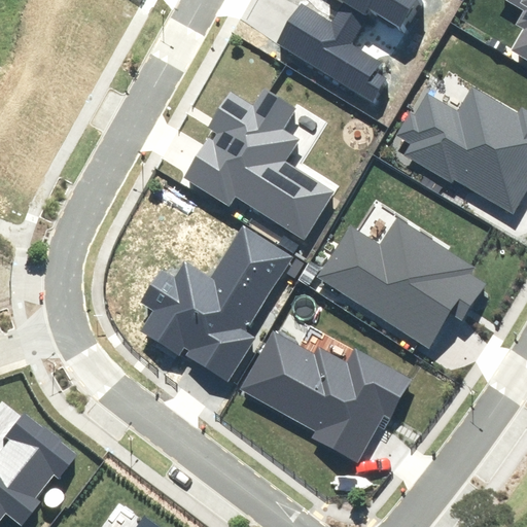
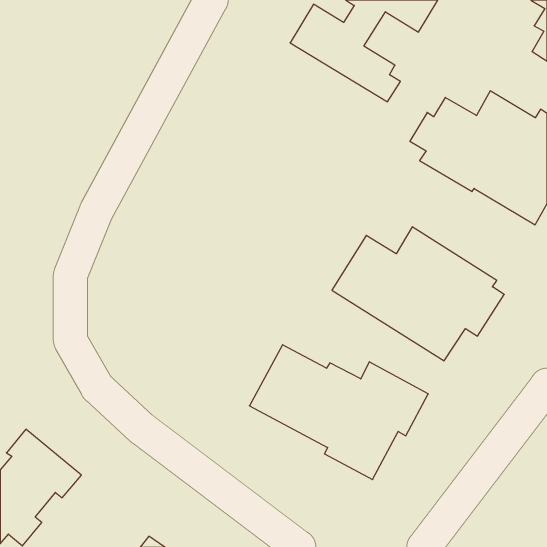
building: [183,91,331,239] -> none
building: [137,230,290,382] -> none

